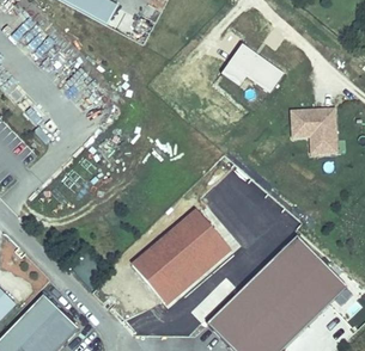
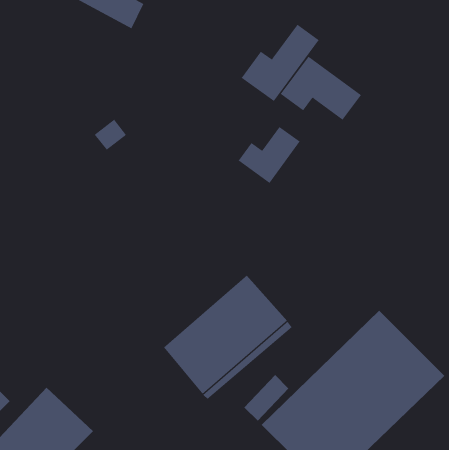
building: none -> [241,24,319,102]
building: none -> [238,126,301,184]
building: [292,105,340,153] -> none

